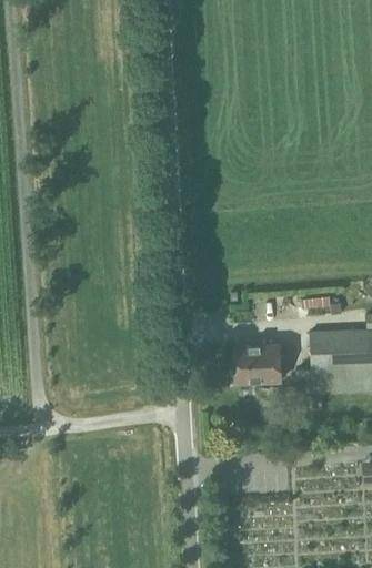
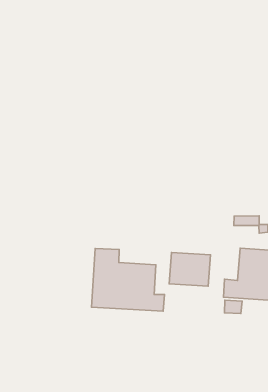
building: none -> [92,248,164,311]

